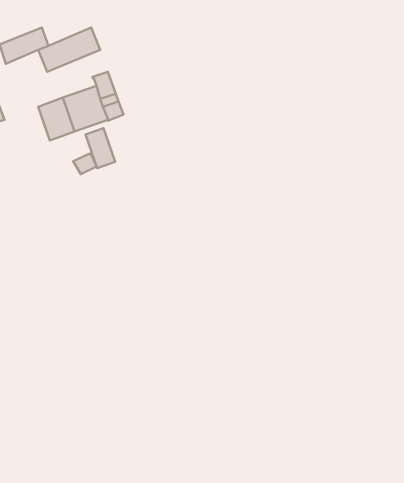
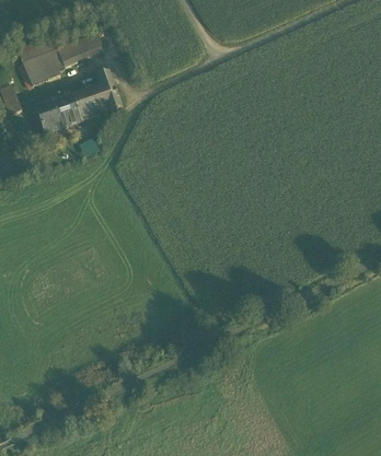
building: none -> [22,51,59,86]
building: [85,128,115,168] -> [34,100,59,133]

